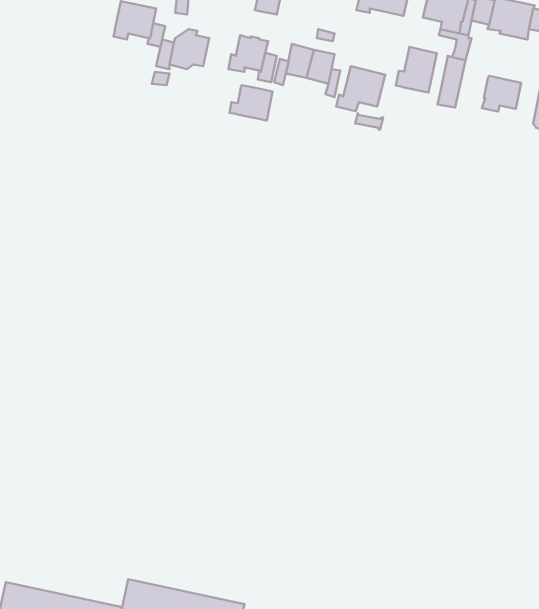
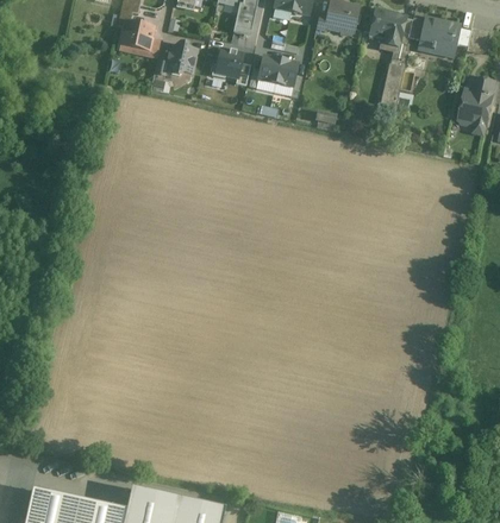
building: [396,47,437,93] -> none
building: [336,66,386,111] -> none
building: [482,76,521,112] -> none
building: [230,85,273,120] -> none

